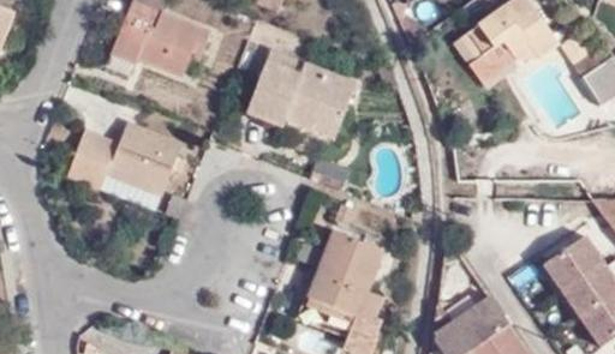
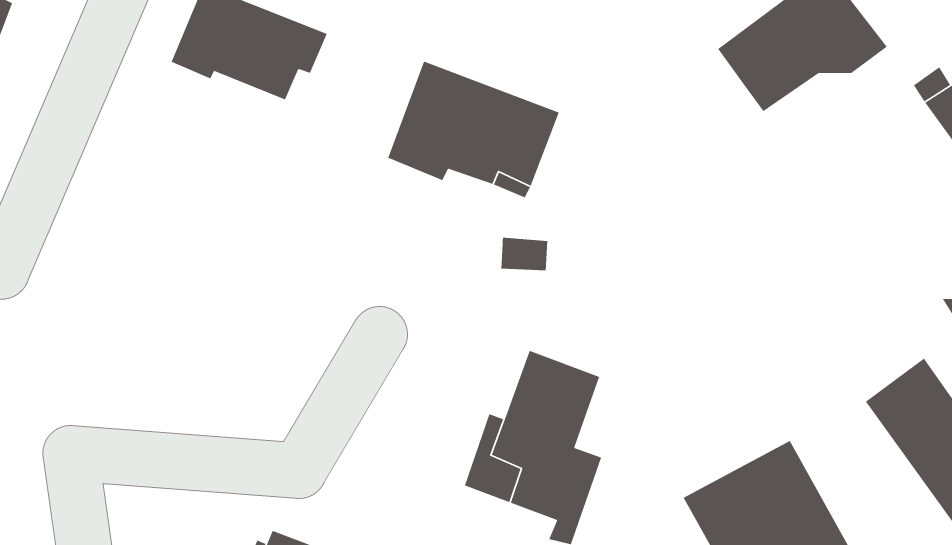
building: [68,124,179,193] -> none

